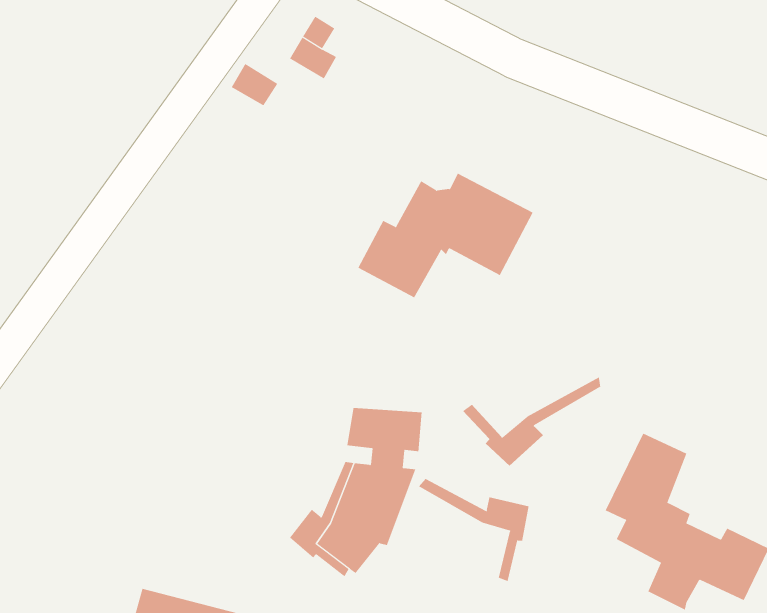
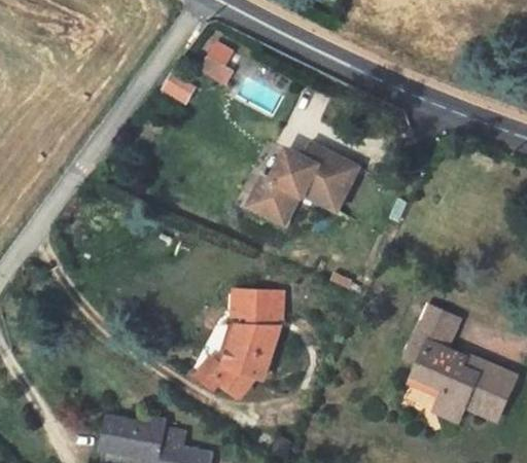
building: [462,377,601,467] -> none
building: [418,478,529,582] -> none

